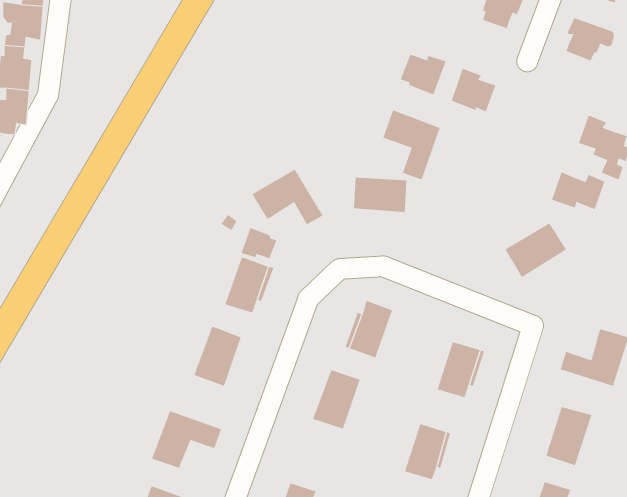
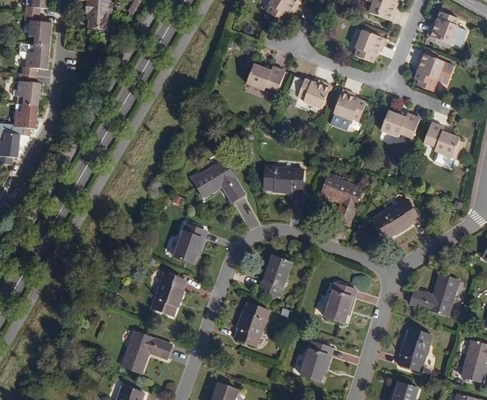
building: none -> [245,64,283,91]
building: [383,110,440,180] -> [320,174,361,224]
building: [551,171,605,210] -> [381,111,419,138]
building: [241,227,277,259] -> none

